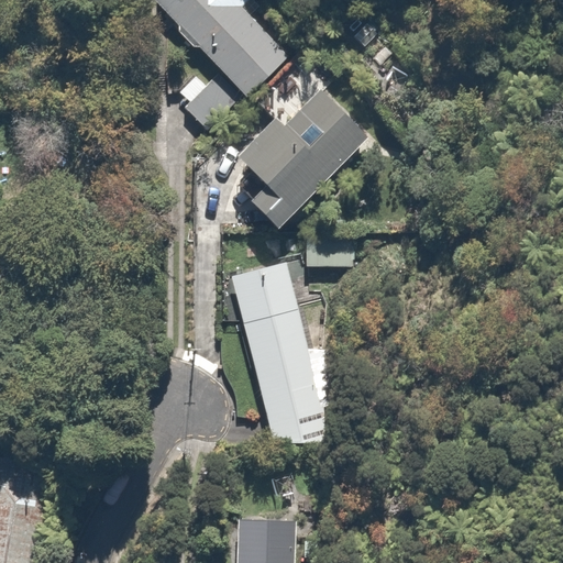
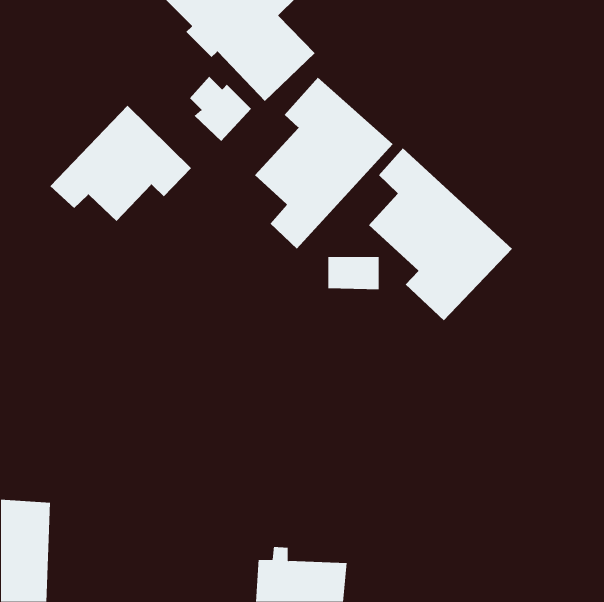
building: none -> [50,105,192,222]
building: none -> [368,147,513,321]
building: [228,260,332,451] -> none

